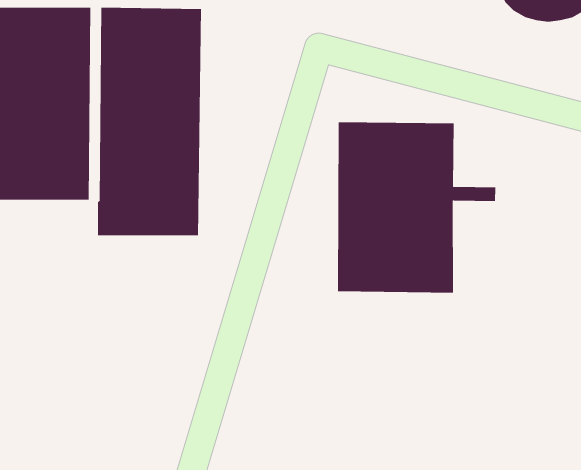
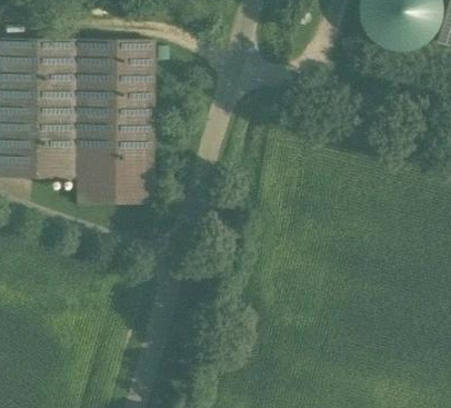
building: [337,121,496,293] -> none

